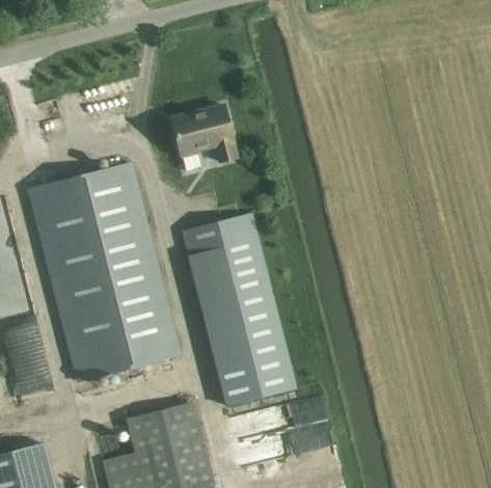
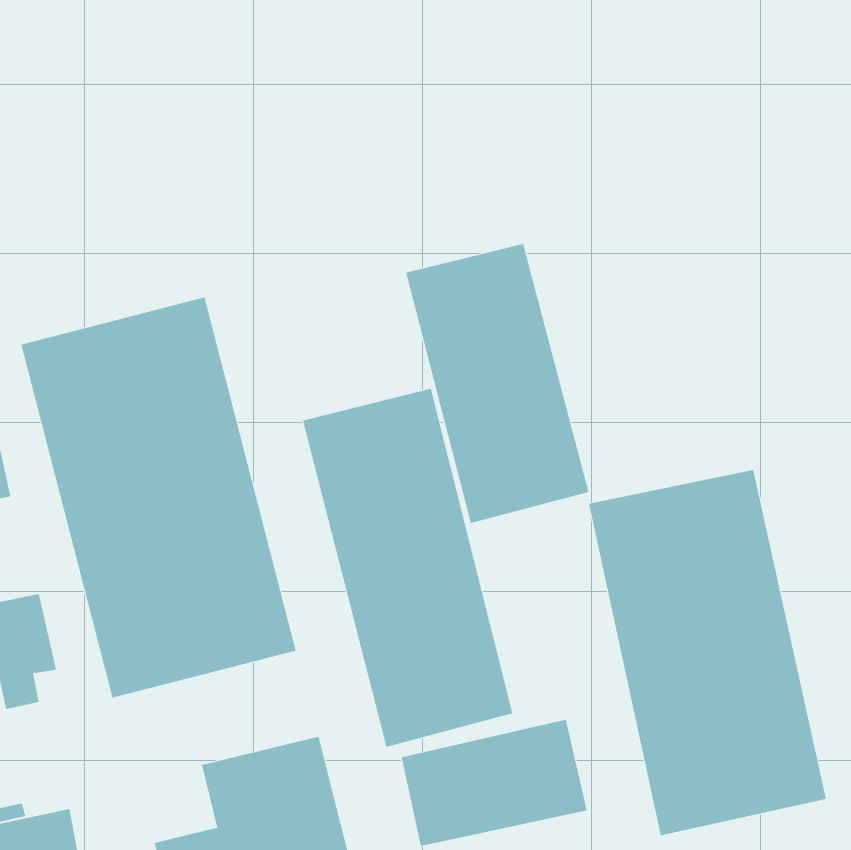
building: [169,106,236,171] -> none
building: none -> [406,243,589,524]
building: none -> [589,469,827,836]

